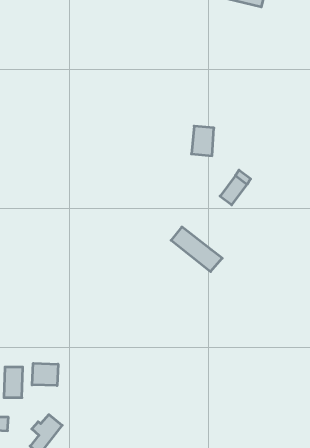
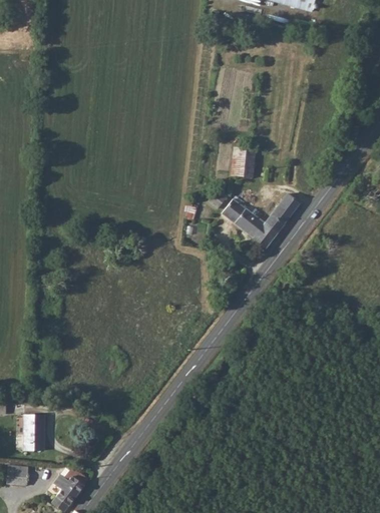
building: [171,227,222,272] -> [221,197,278,247]
building: [32,363,58,386] -> none

